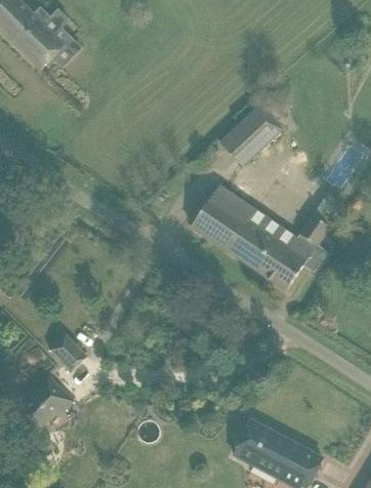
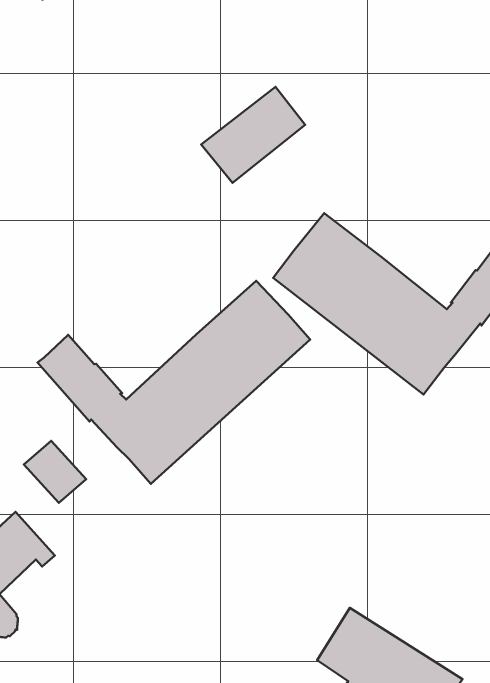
building: [220,106,282,165] -> [201,87,305,183]
building: none -> [37,281,310,484]

